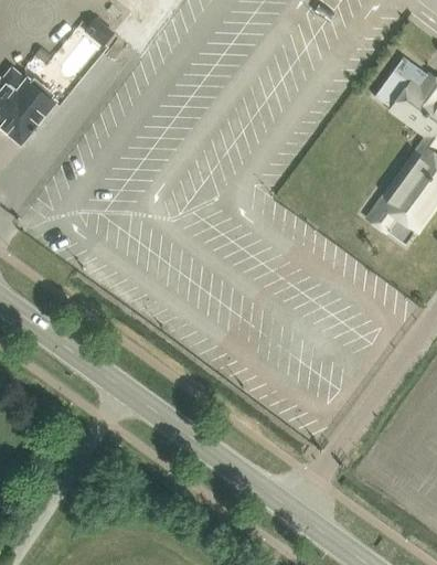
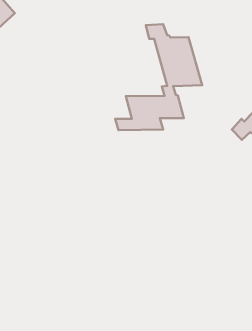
building: none -> [115,24,202,130]

